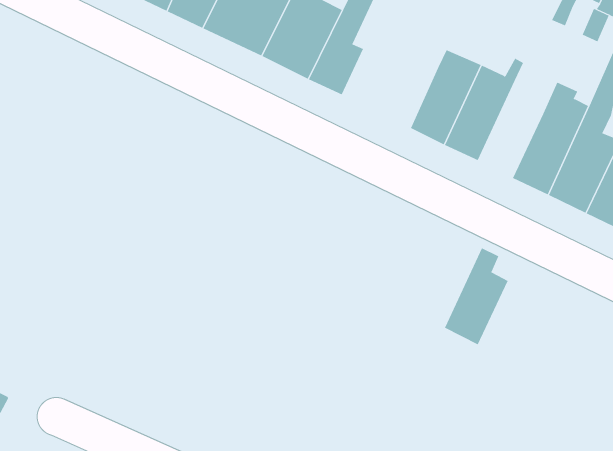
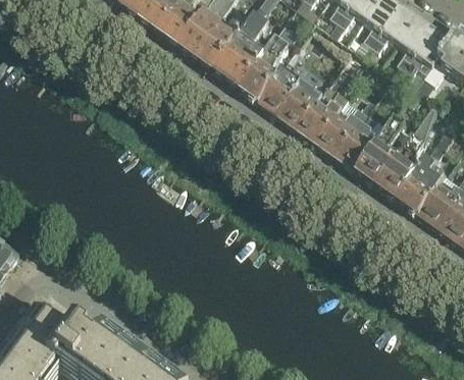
building: none -> [259,67,321,129]
building: [444,248,508,345] -> [337,111,381,171]

